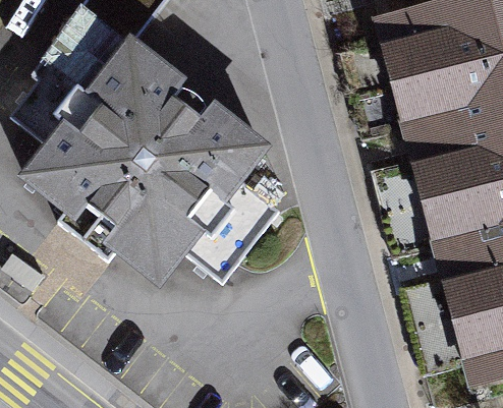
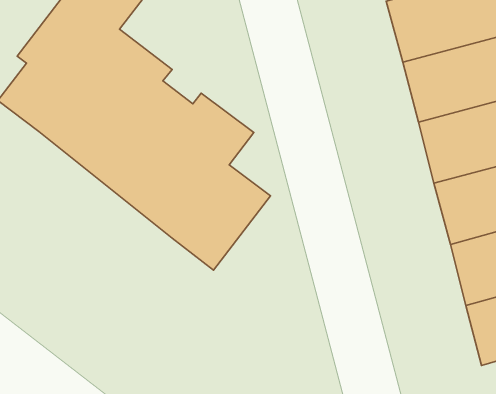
building: [26,148,182,283] -> none

